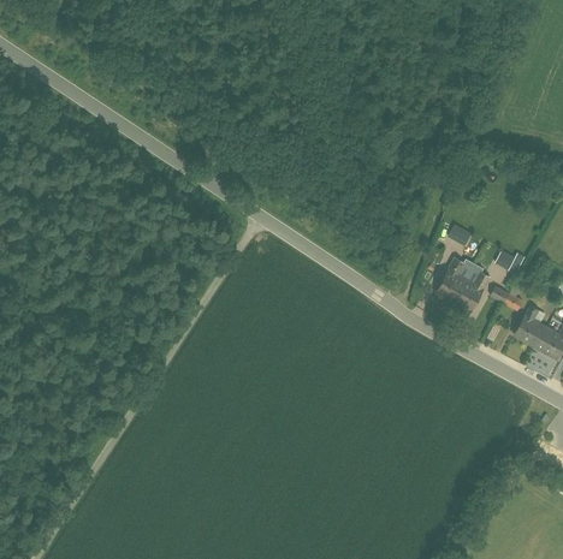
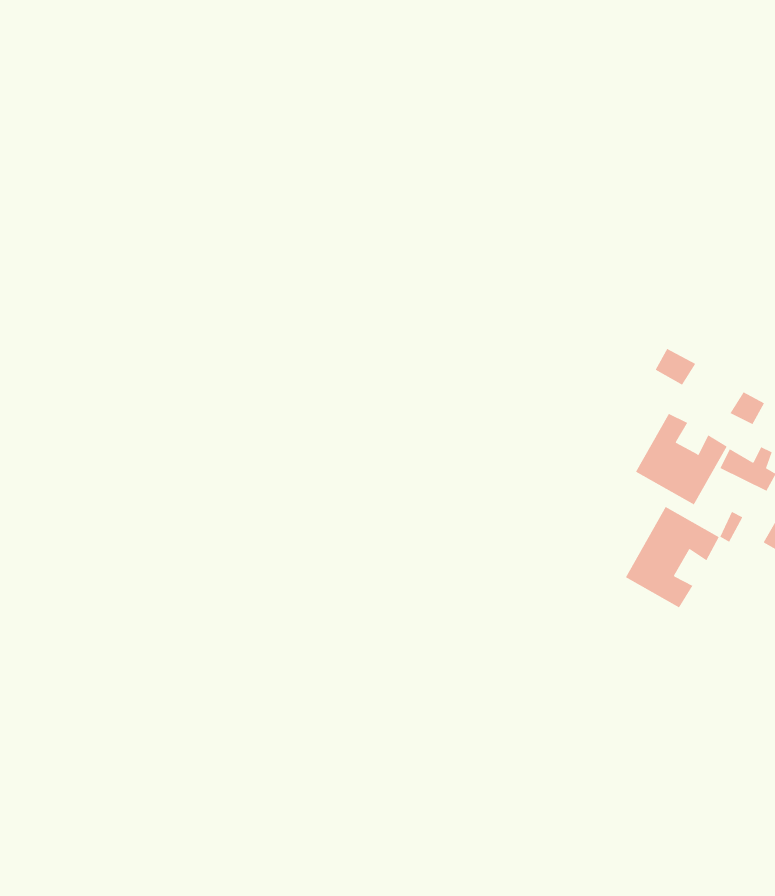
building: none -> [625,506,720,608]

